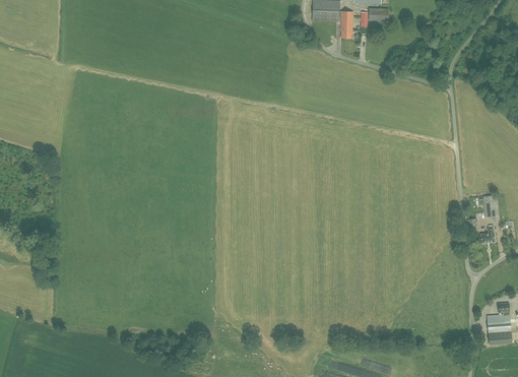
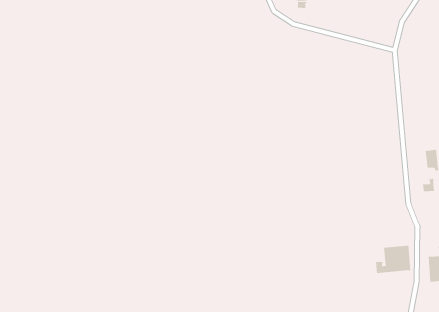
building: none -> [376,245,411,274]

